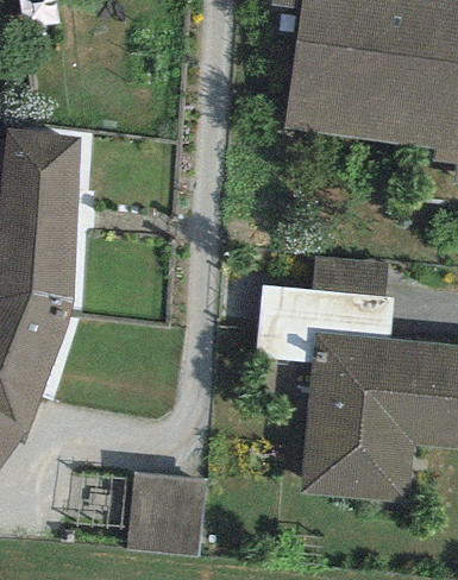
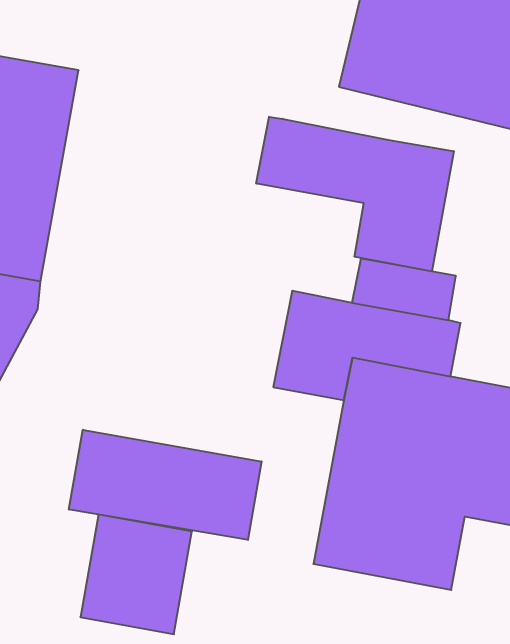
building: none -> [256,117,454,271]
building: none -> [69,430,262,540]

